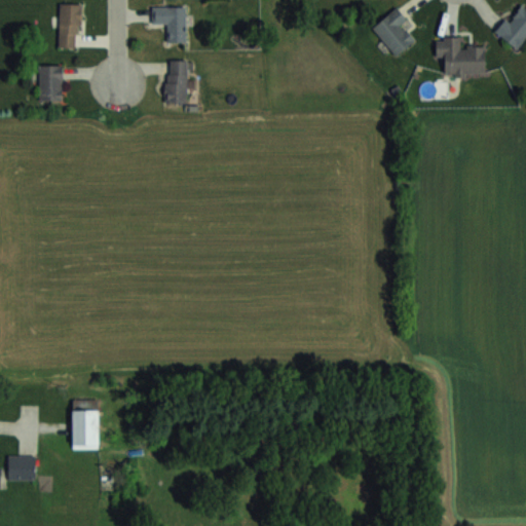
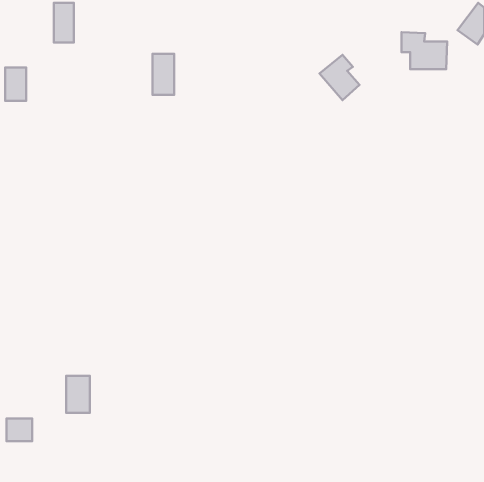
building: [152,7,186,43] -> none
building: [372,8,415,58] -> [320,55,359,100]
building: [39,65,62,101] -> [5,68,26,101]

